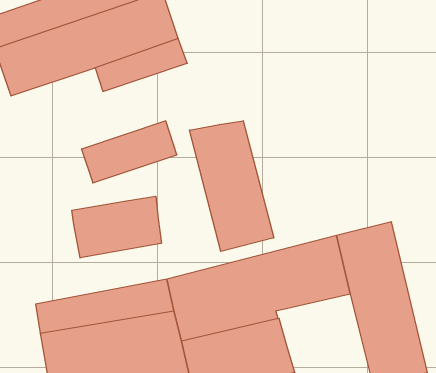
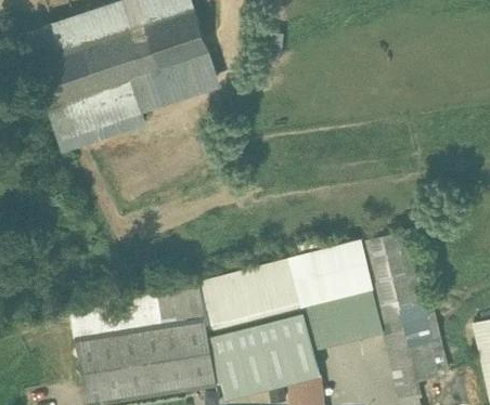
building: [189,121,274,251] -> none
building: [81,121,177,183] -> [48,83,140,143]
building: [72,196,162,258] -> none
building: none -> [304,301,384,352]

